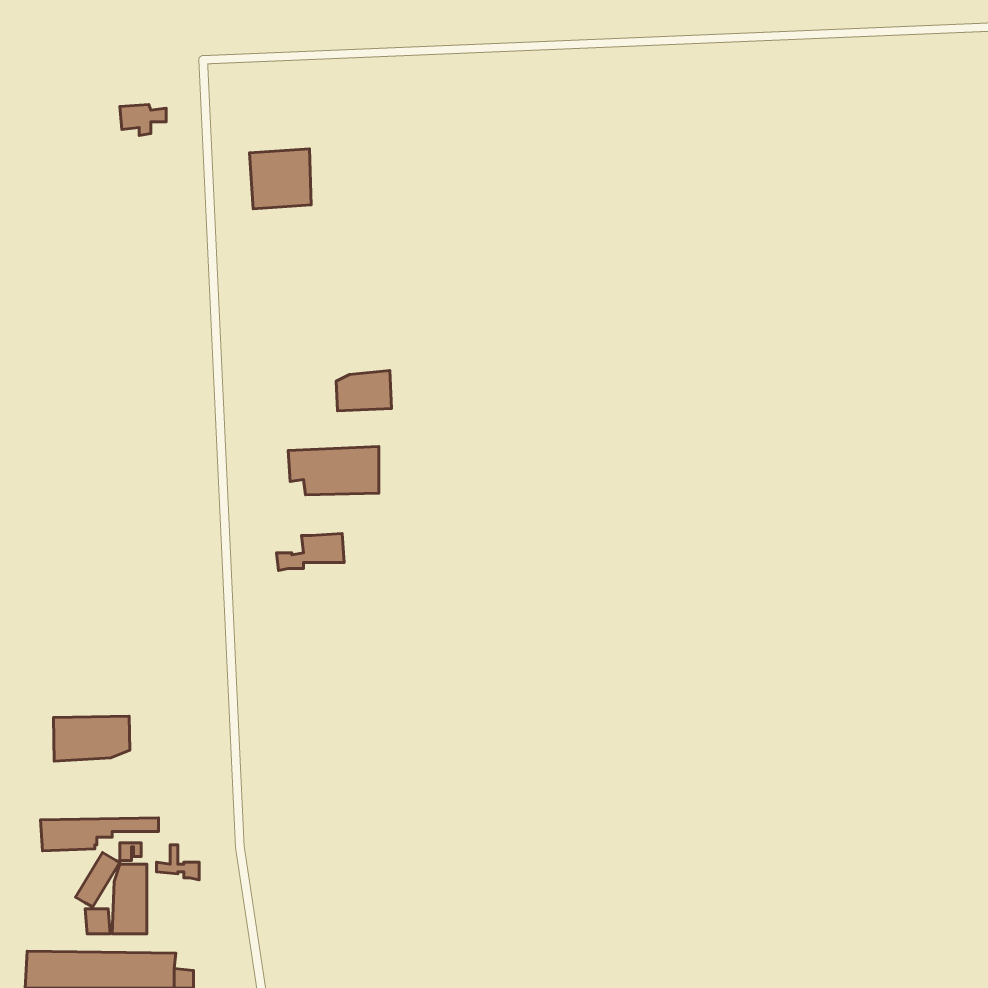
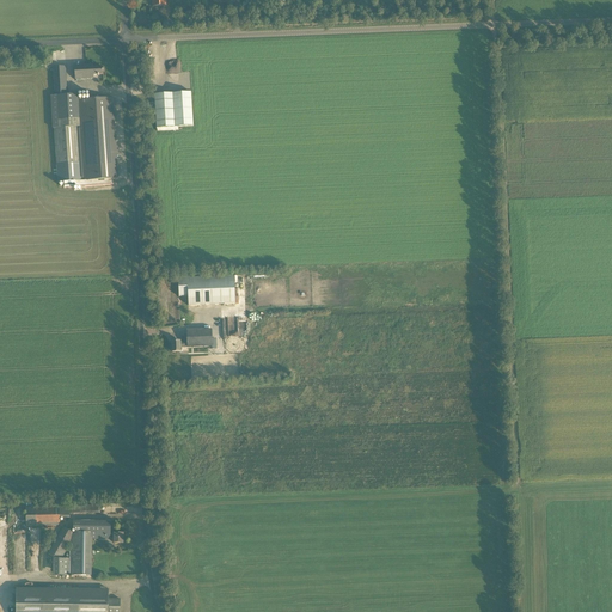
building: none -> [48,67,118,182]
building: [336,371,391,411] -> none
building: [54,716,130,761] -> none

